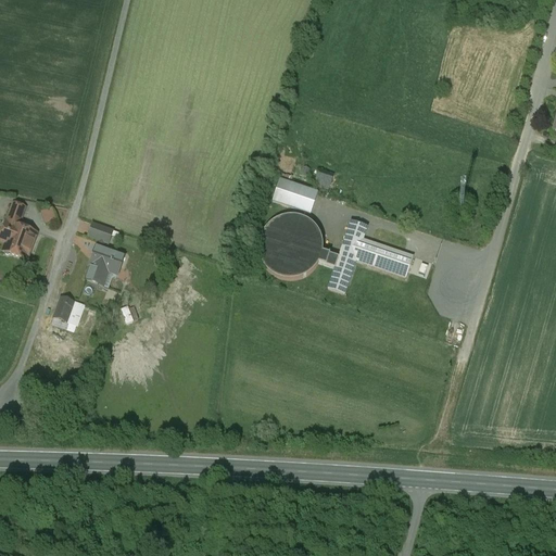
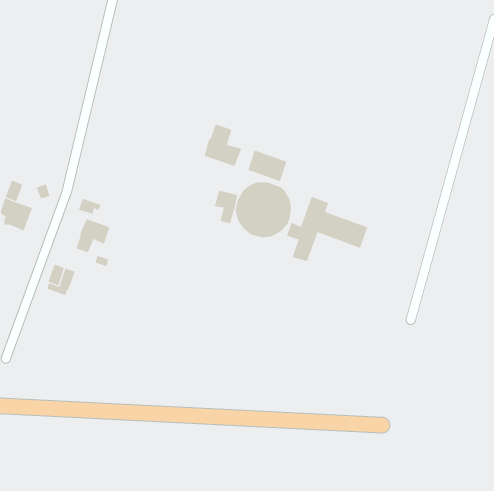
building: none -> [204,123,242,167]
building: none -> [214,190,238,224]

